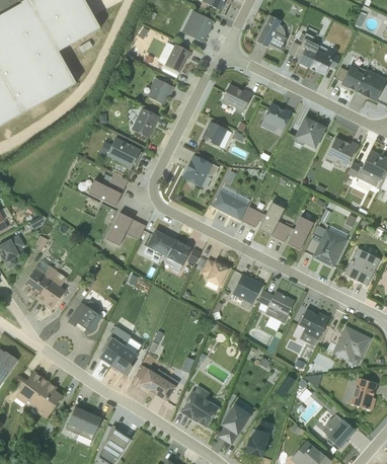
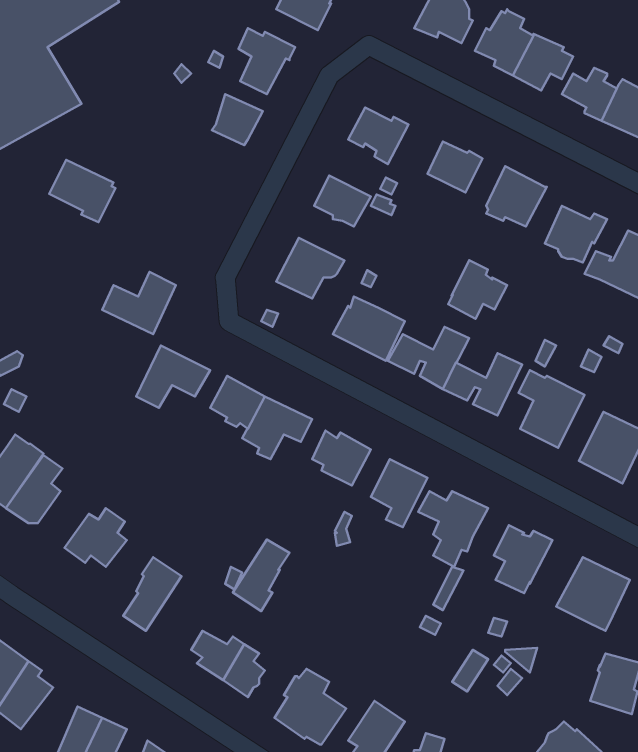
building: [131,107,160,138] -> none
building: [106,137,142,170] -> [49,160,115,222]
building: none -> [448,260,507,319]
building: [111,336,142,375] -> [233,539,289,611]

